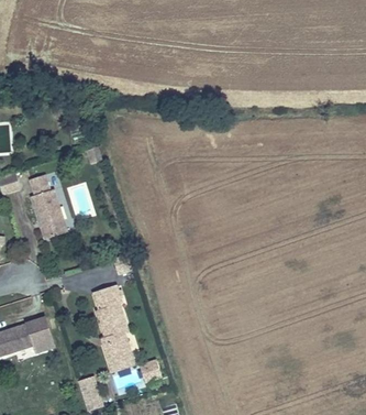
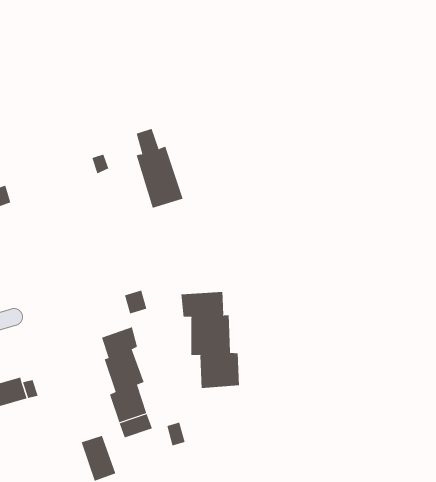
building: [33,175,71,240] -> [136,128,184,208]
building: none -> [181,291,239,389]

